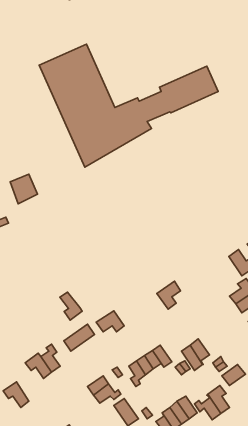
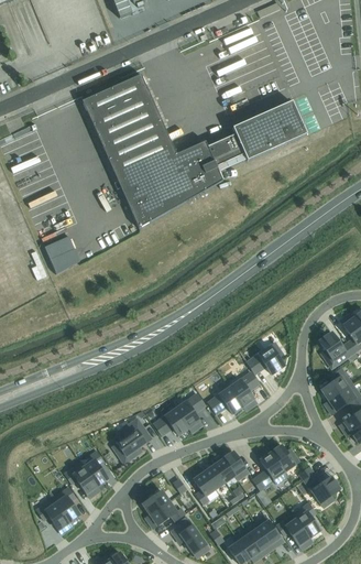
building: none -> [247,345,284,375]
building: [60,292,82,320] -> none
building: none -> [208,387,243,413]
building: none -> [175,393,205,427]
building: none -> [53,487,79,522]

